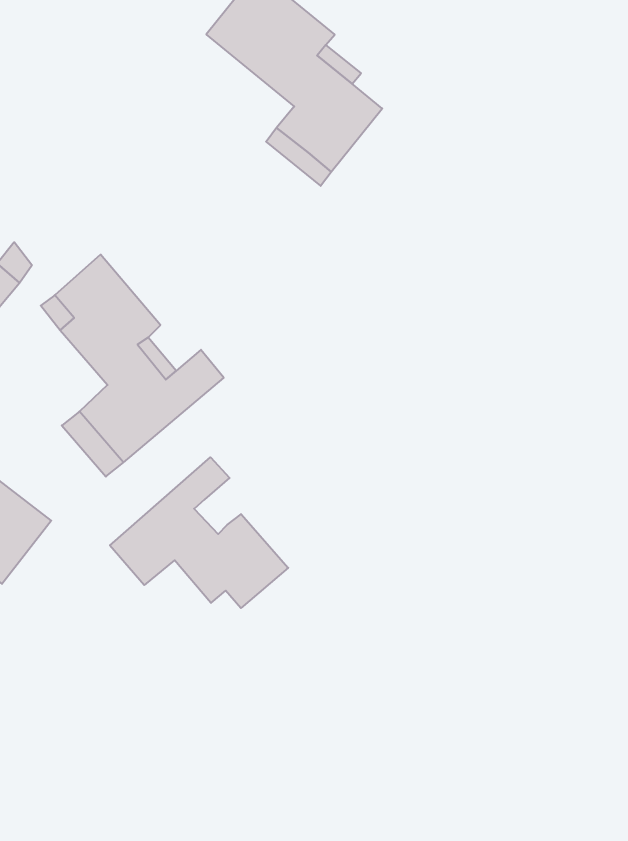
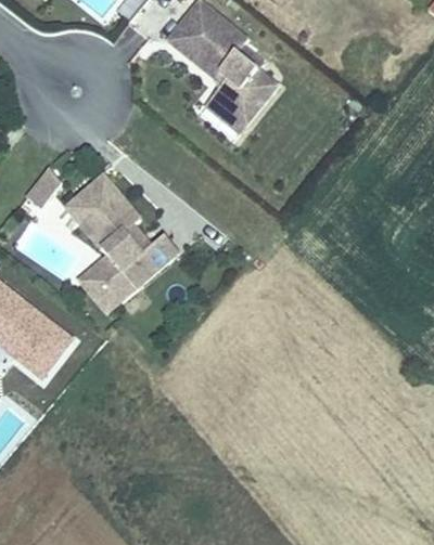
building: [110,457,288,608] -> none

